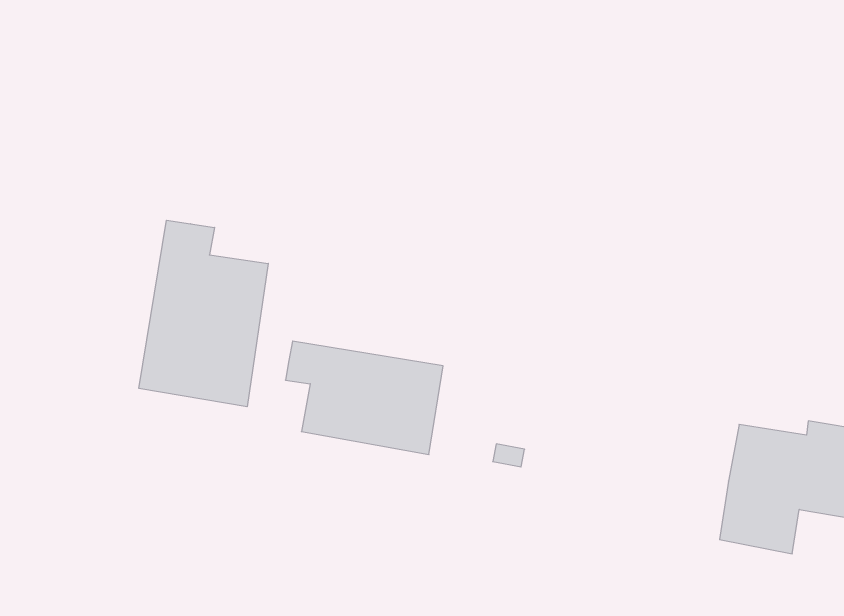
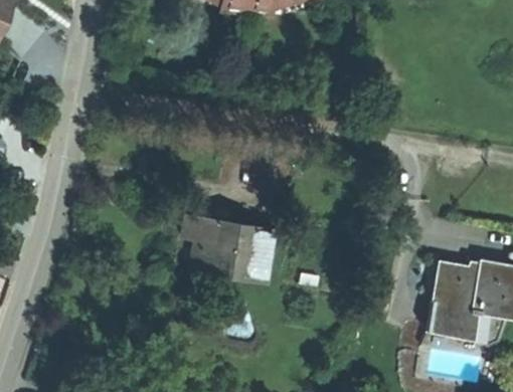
building: [139,220,268,407] -> none

